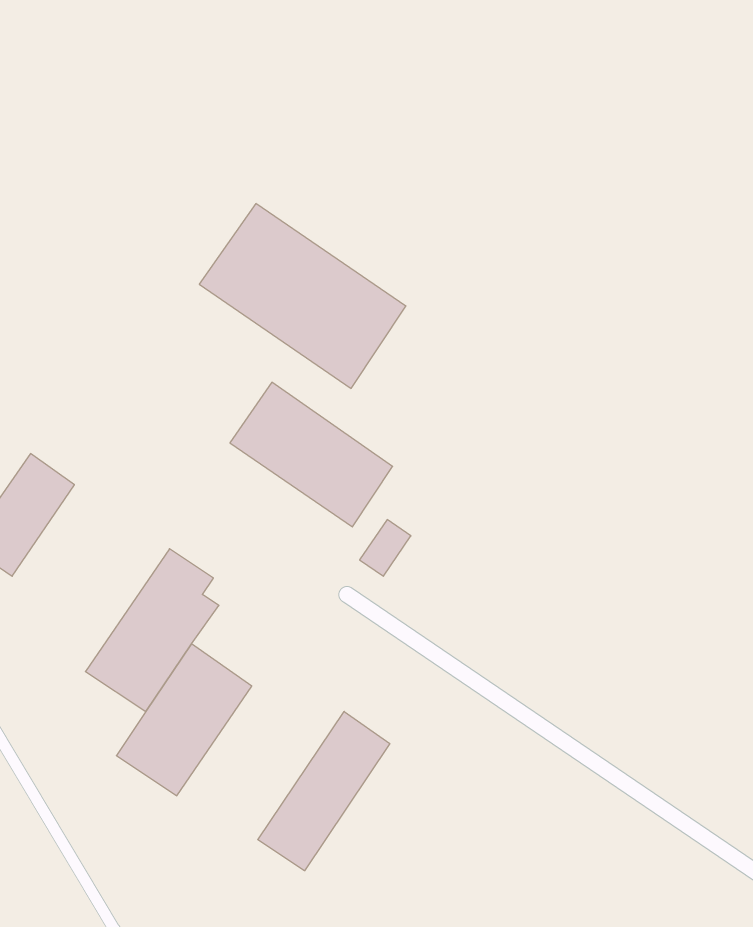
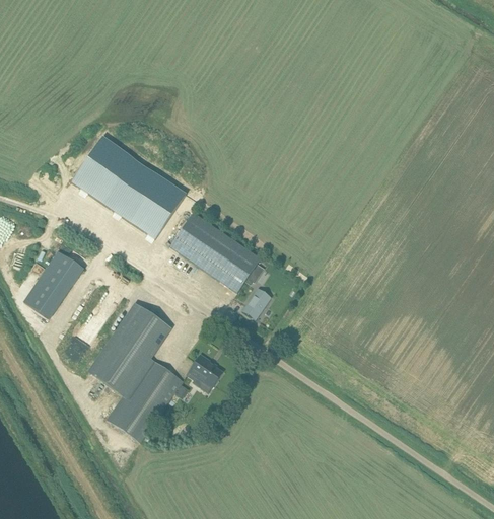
building: [199,204,406,388] -> [71,136,186,238]
building: none -> [188,353,222,392]
building: [258,711,390,871] -> none

